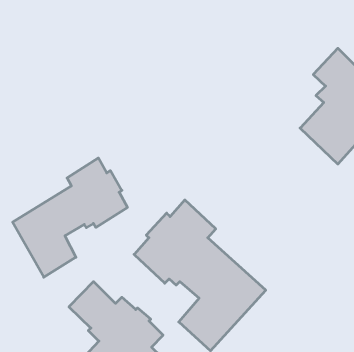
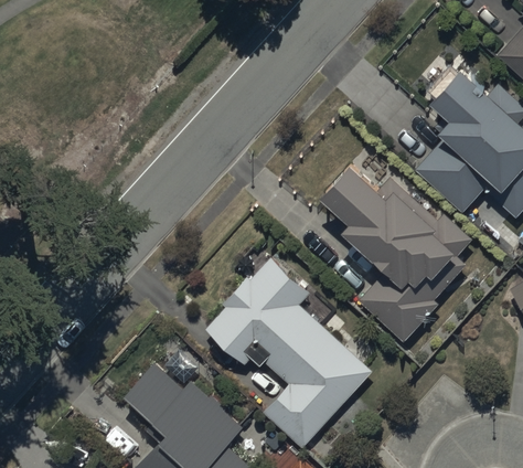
building: none -> [321,166,471,343]
building: [13,158,127,277] -> none

